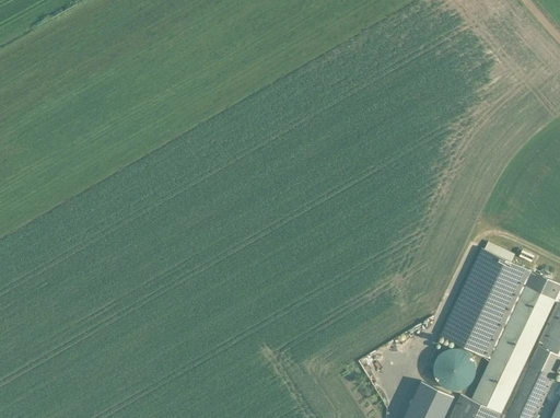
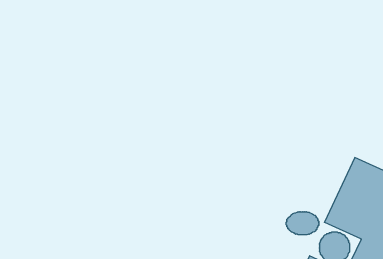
building: none -> [286,212,319,235]

